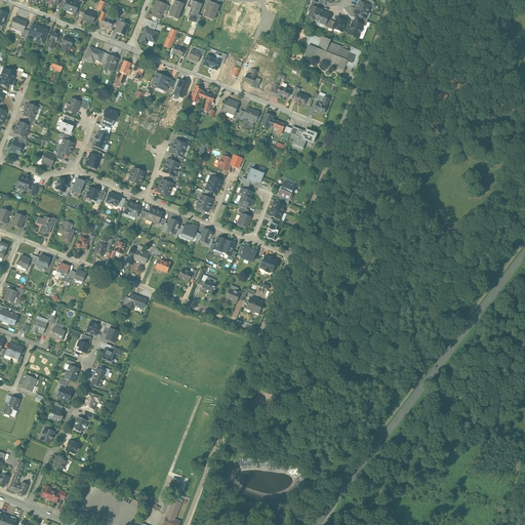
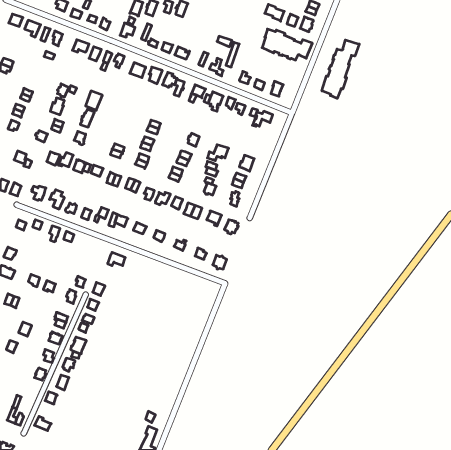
building: none -> [322,40,359,98]

